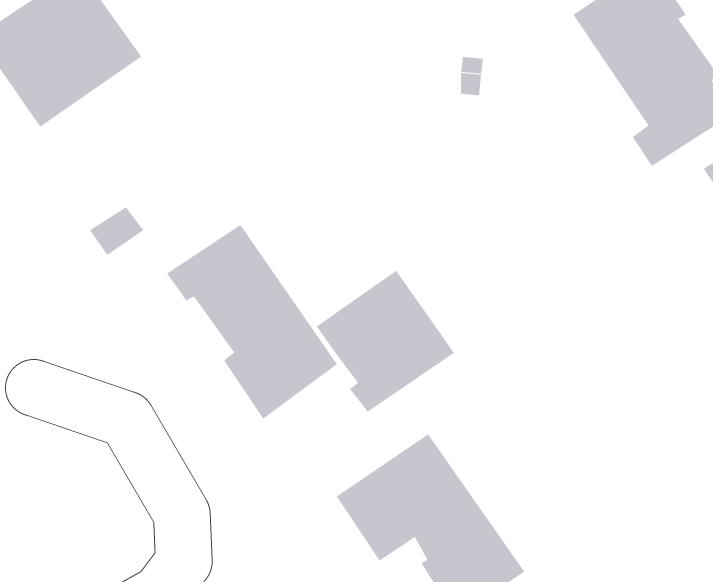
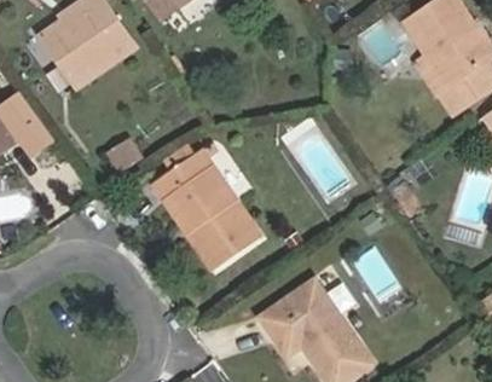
building: [316,270,455,413] -> none

